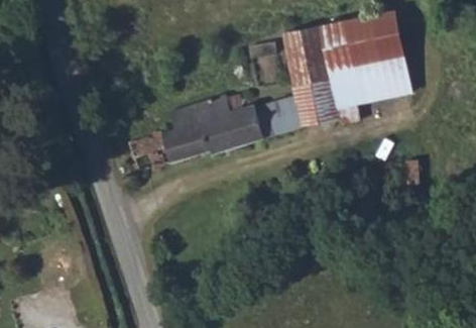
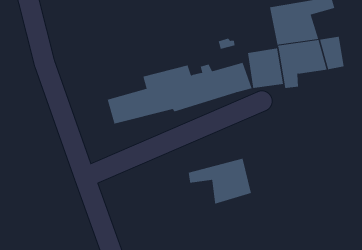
building: [290,28,335,83] -> none
building: [375,29,408,67] -> none
building: none -> [188,158,251,204]

